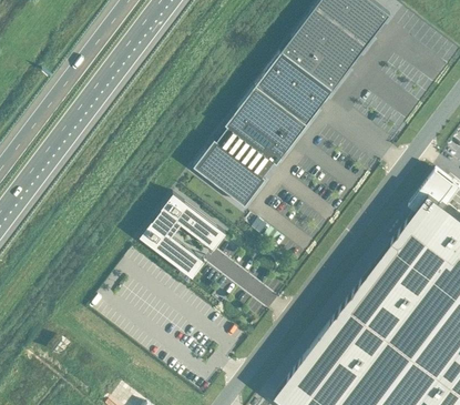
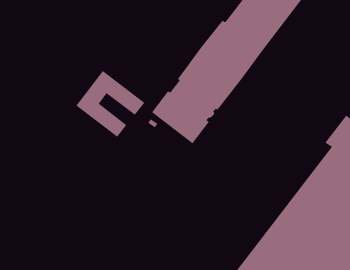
building: [137,194,224,279] -> [76,70,145,138]

